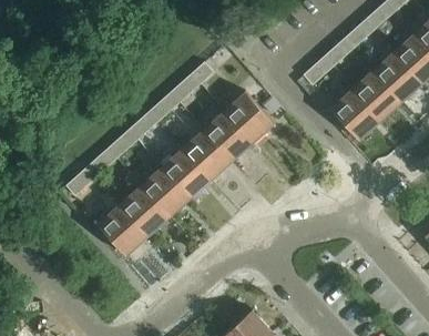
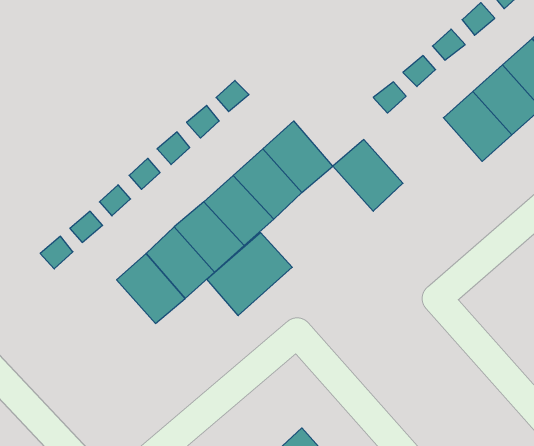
building: [330,89,380,140] -> [333,140,403,211]
building: none -> [207,233,292,316]
building: [98,204,147,255] -> none

